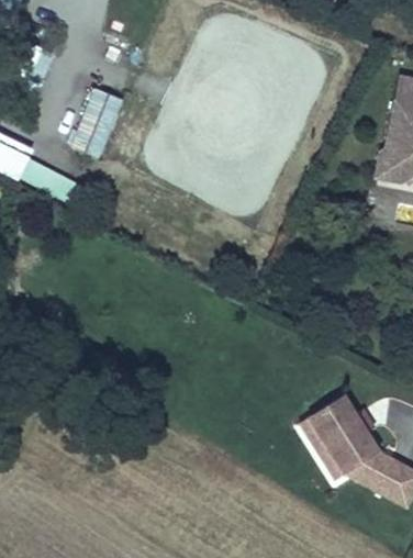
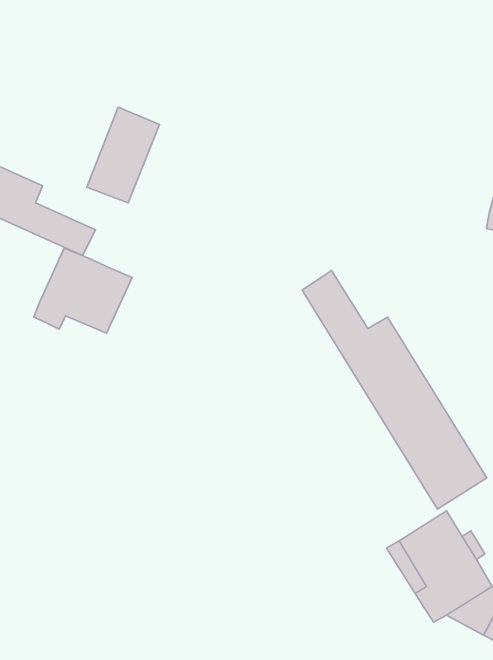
building: none -> [34,248,132,333]
building: none -> [302,270,487,509]

